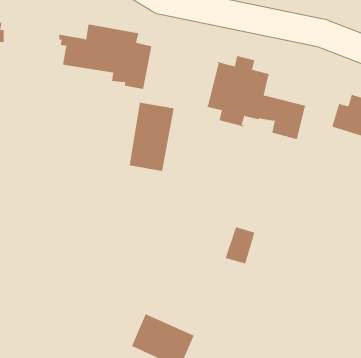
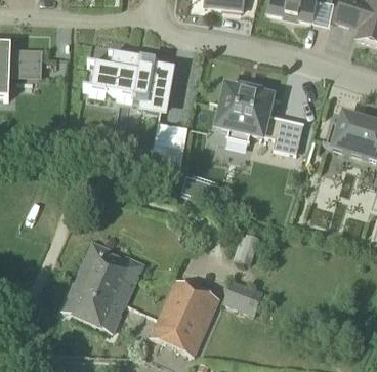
building: none -> [62,242,142,332]
building: none -> [163,278,218,326]
building: none -> [222,278,264,316]

